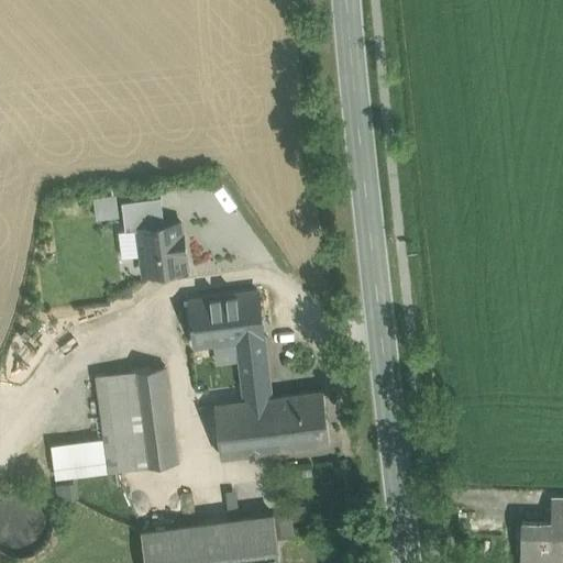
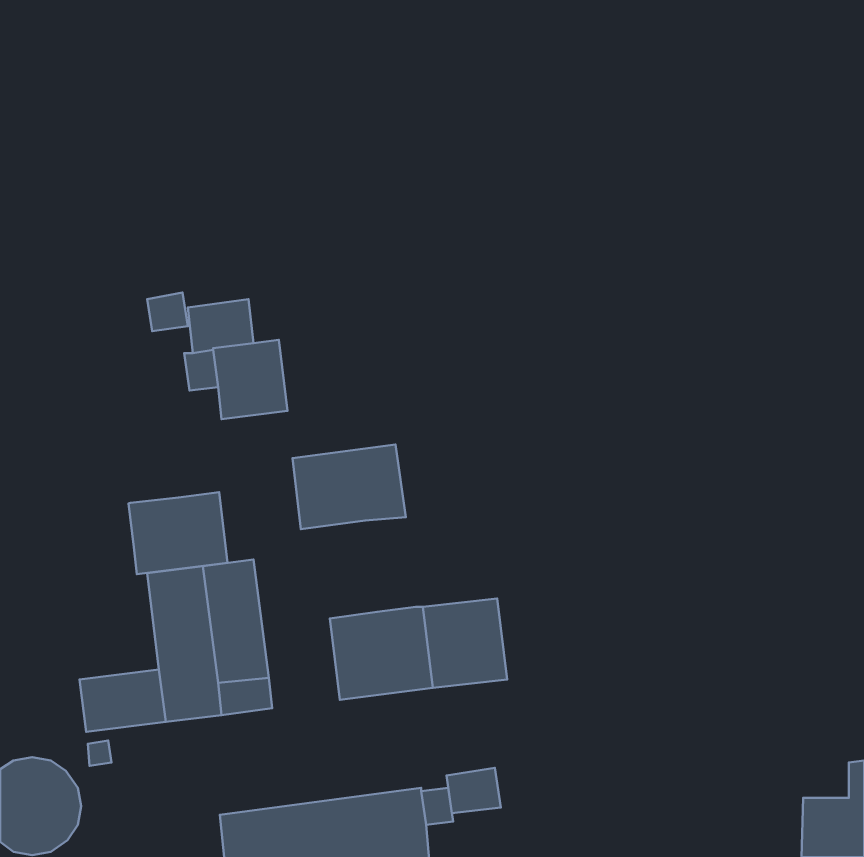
building: none -> [129,492,228,574]
building: [238,341,271,402] -> none
building: none -> [446,768,501,813]

